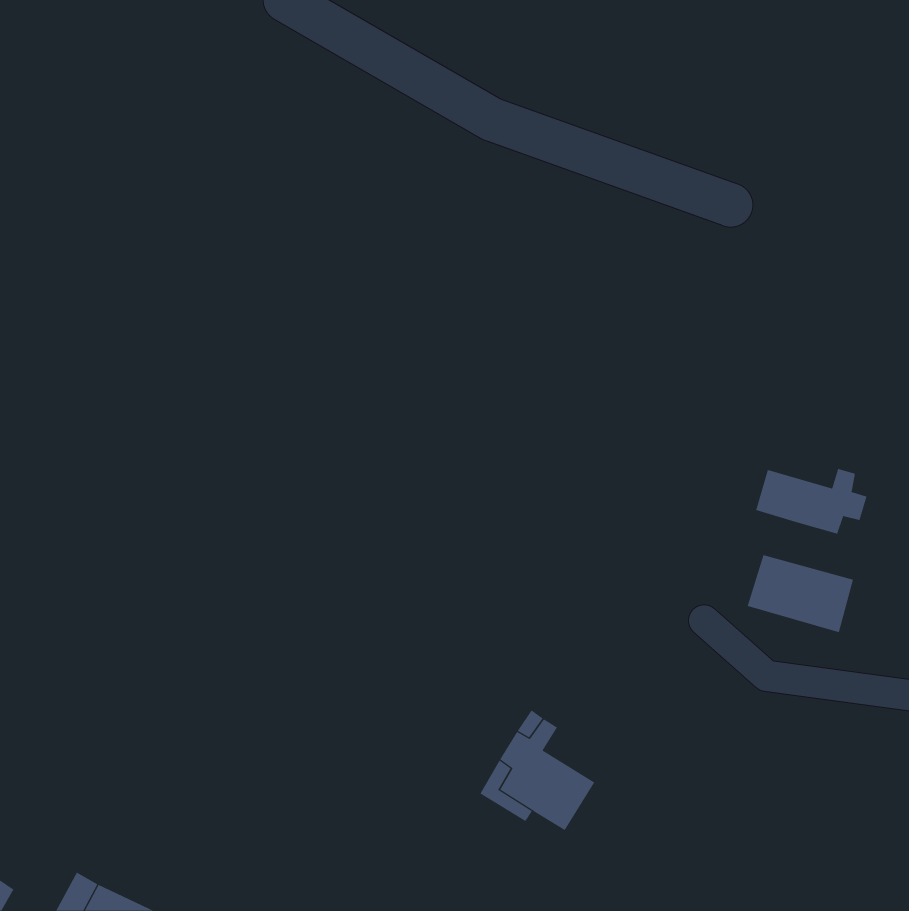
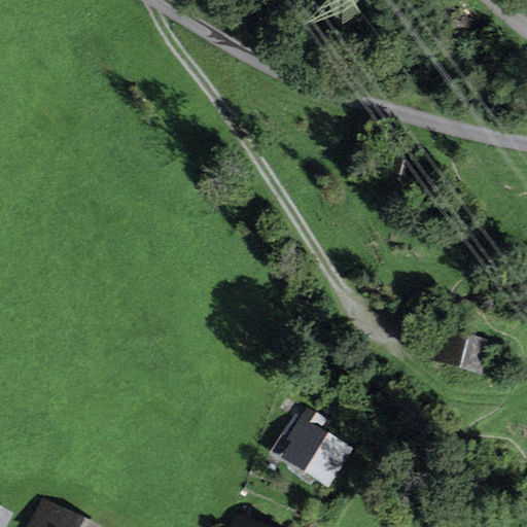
building: [756,468,867,535] -> none

